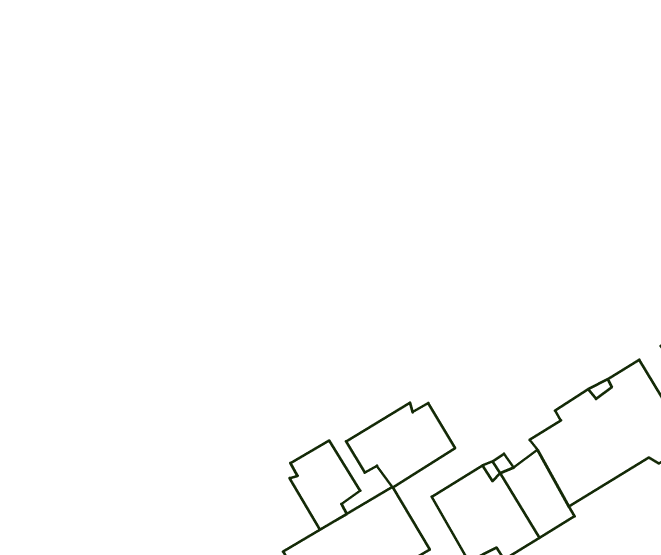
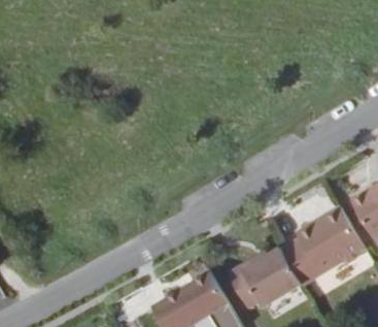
building: [346,403,455,487] -> none
building: [290,441,360,530] -> none

